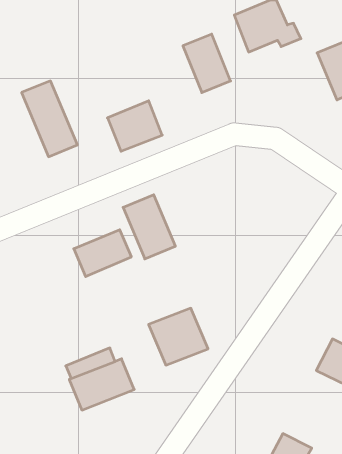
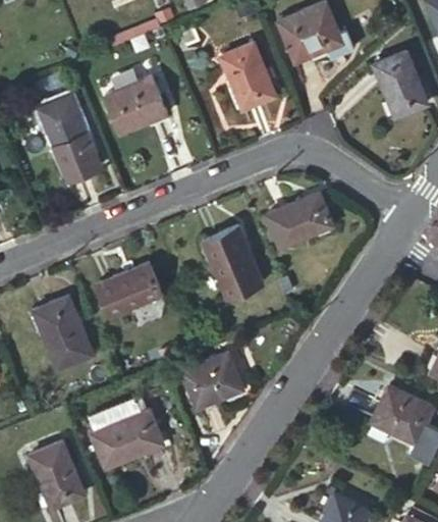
building: [107,101,162,151] -> [104,76,166,134]
building: none -> [267,193,333,246]
building: [123,195,175,259] -> [204,225,263,298]
building: none -> [34,297,92,368]
building: none -> [29,440,84,507]

